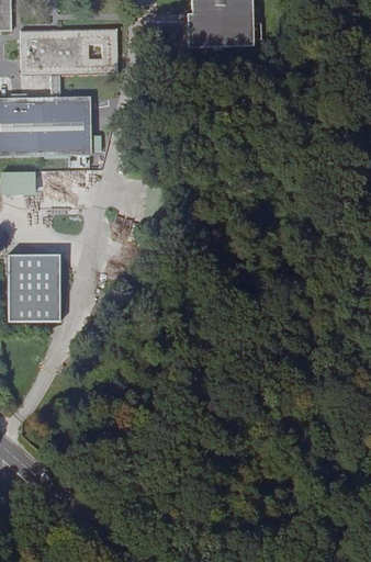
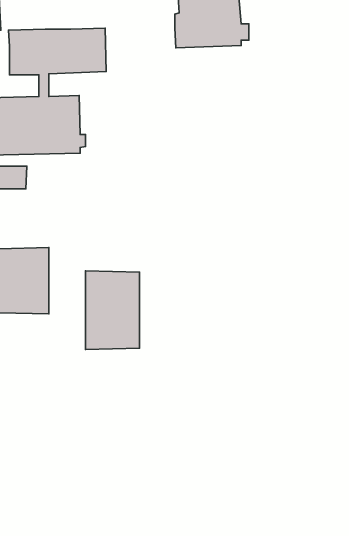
building: none -> [85,271,140,349]

